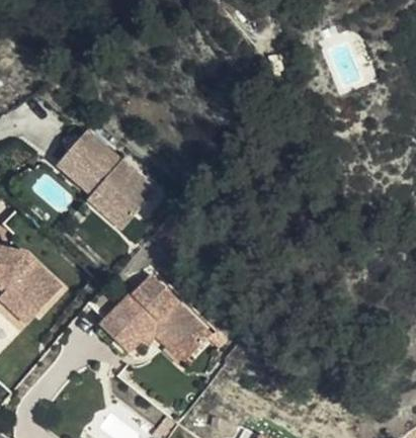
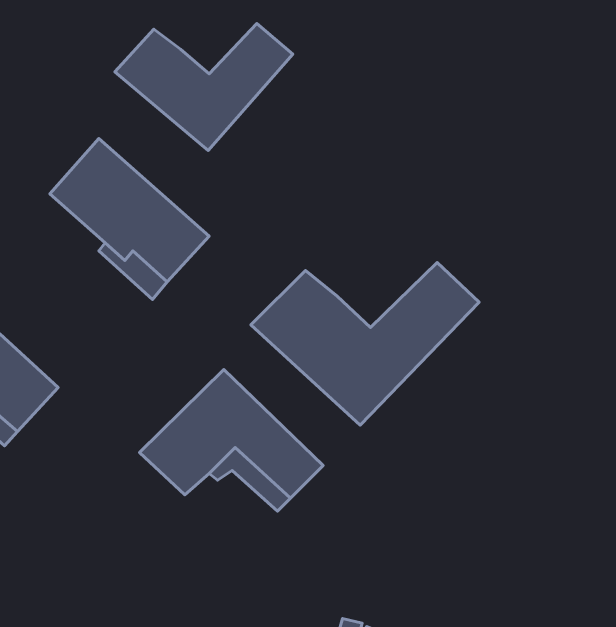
building: none -> [115,23,293,150]
building: none -> [251,263,479,425]

